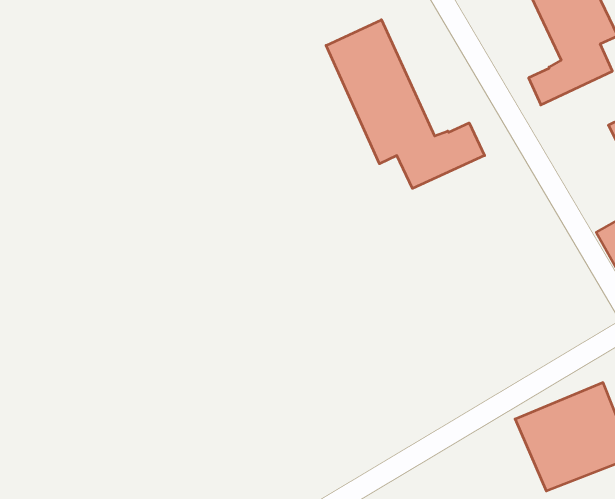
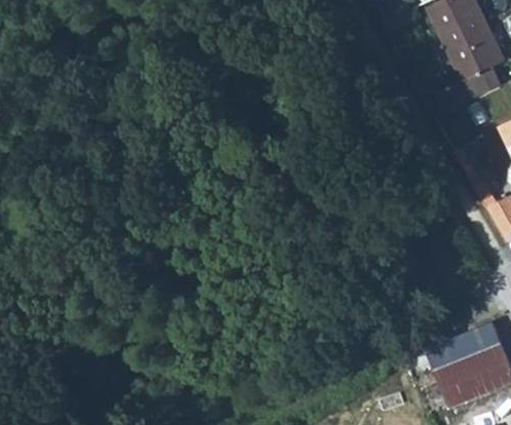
building: [326,20,485,188] -> none

